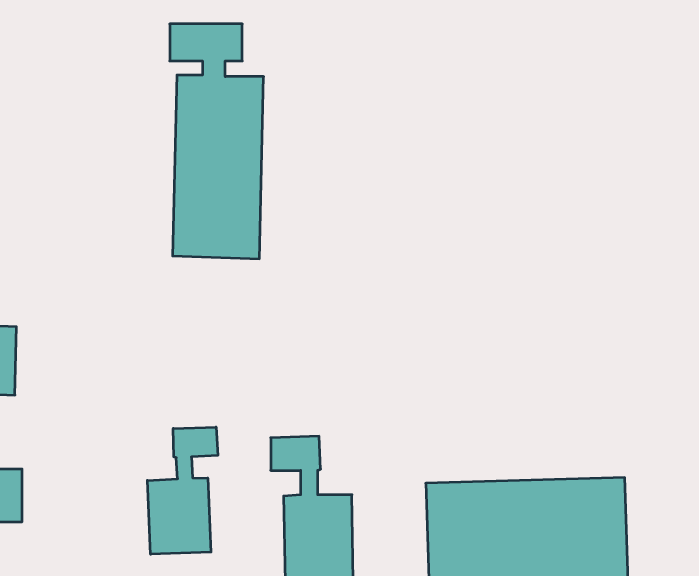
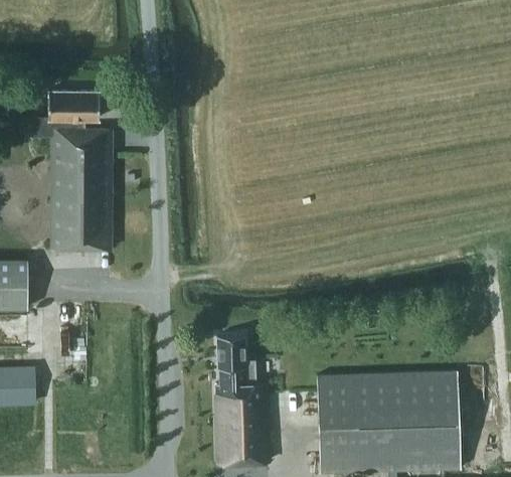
building: [170,24,264,259] -> [48,90,115,256]
building: [147,427,218,554] -> none

